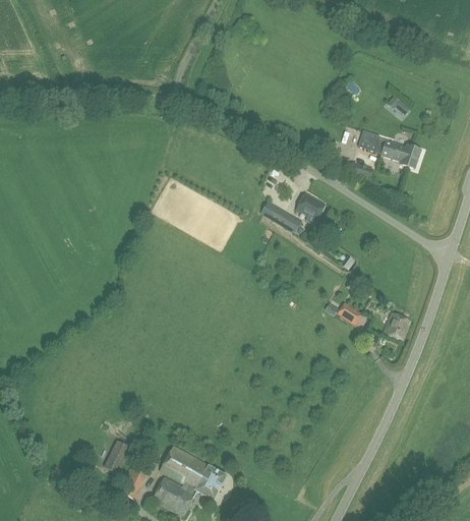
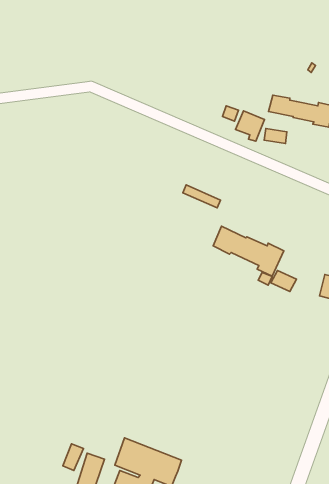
building: [295,191,325,223] -> [236,111,264,141]
building: none -> [213,226,284,276]

